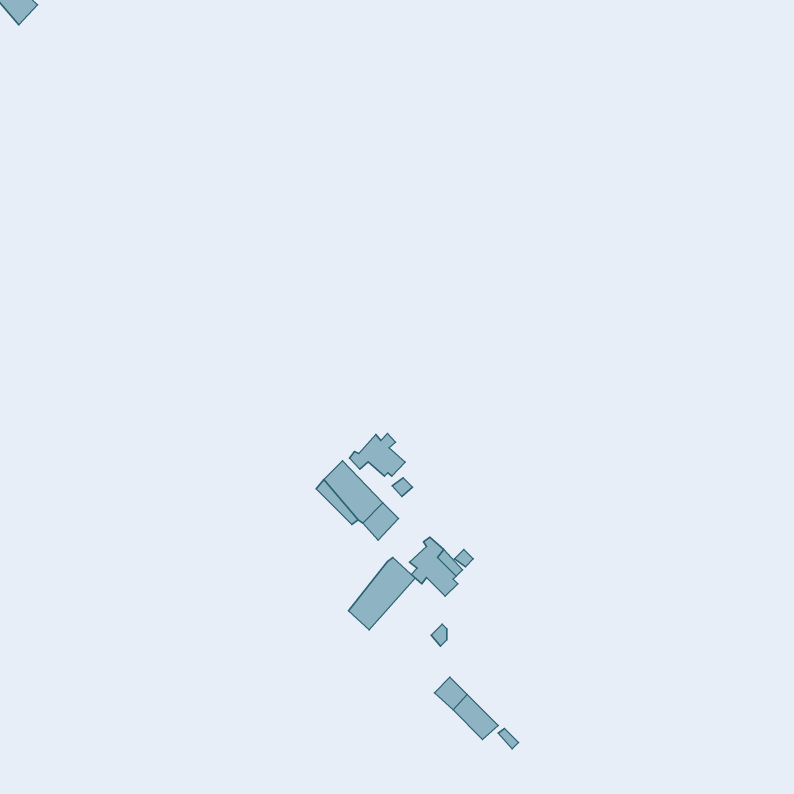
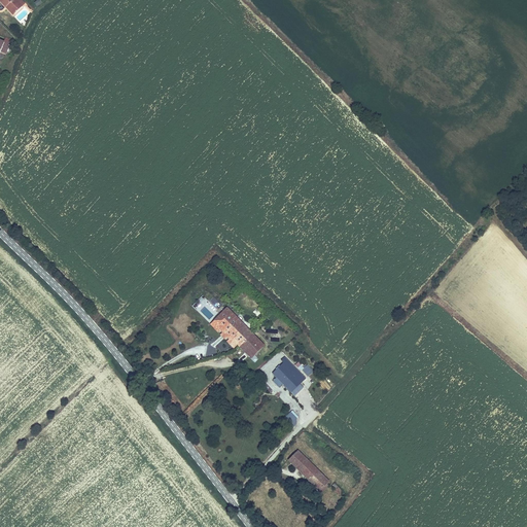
building: [349,434,405,476] -> none
building: [349,558,415,630] -> none

